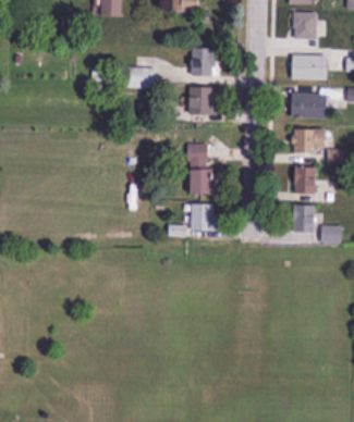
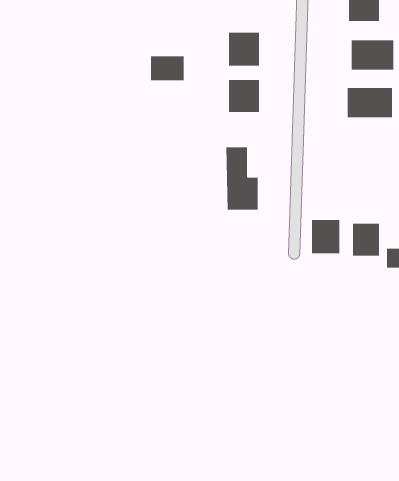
building: [292,127,325,150] -> none
building: [292,164,316,193] -> [311,220,340,254]
building: [190,202,219,228] -> none

